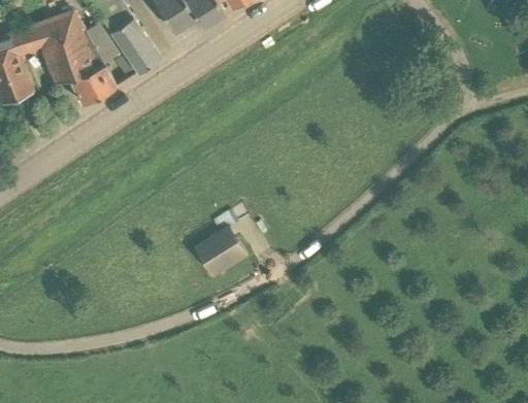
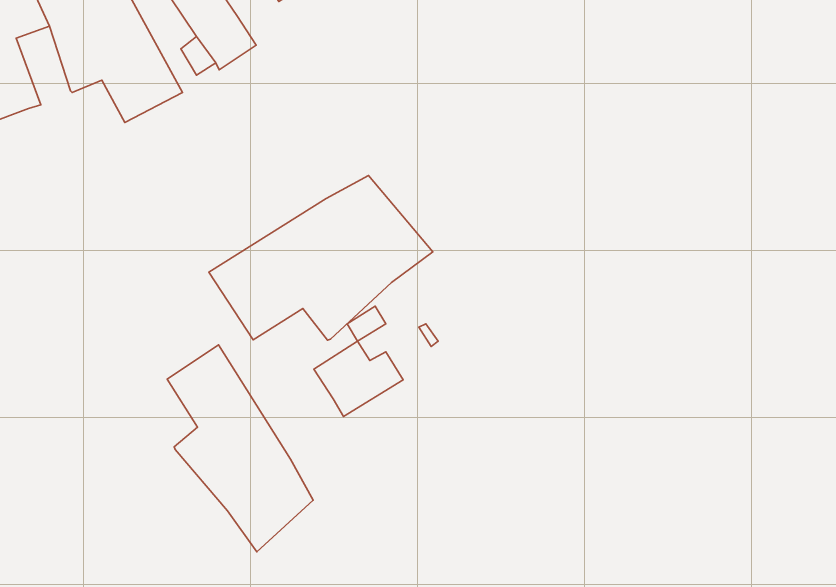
building: none -> [209,175,433,340]
building: none -> [167,345,313,552]

